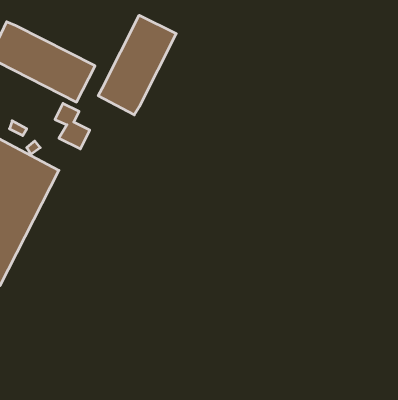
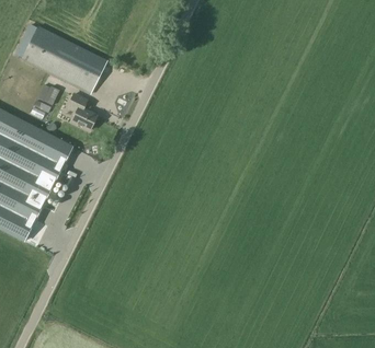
building: [98,15,176,115] -> none

